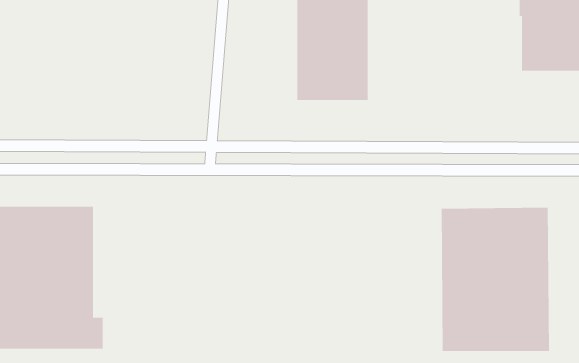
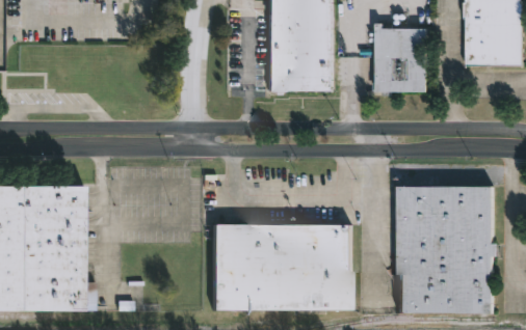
building: none -> [377,24,428,92]
building: none -> [207,223,345,308]

